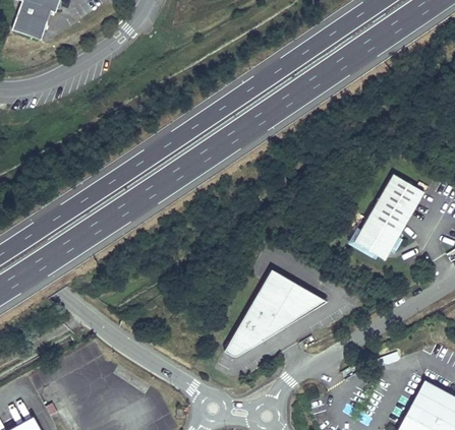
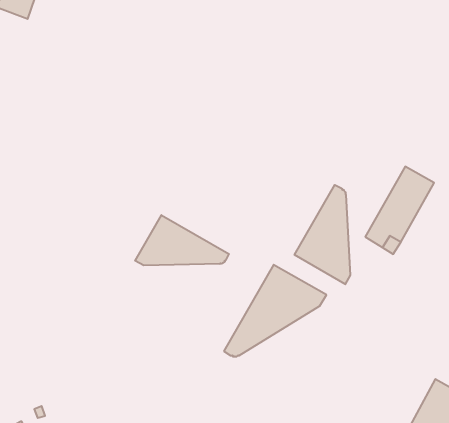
building: none -> [295,185,350,284]
building: none -> [135,215,229,265]

